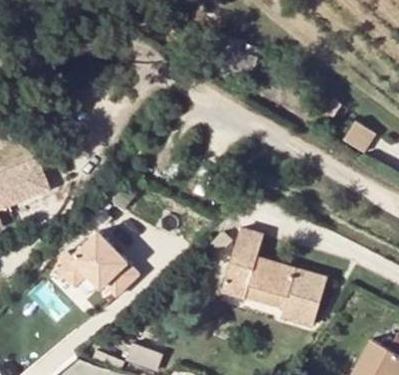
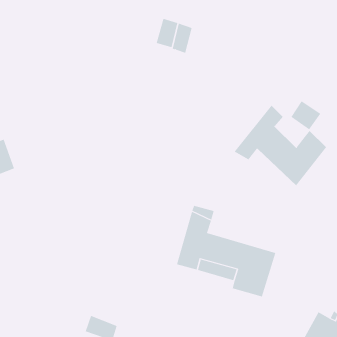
building: none -> [234,105,327,186]
building: [56,241,140,304] -> none

